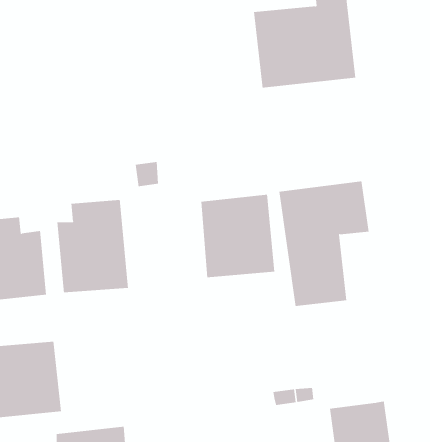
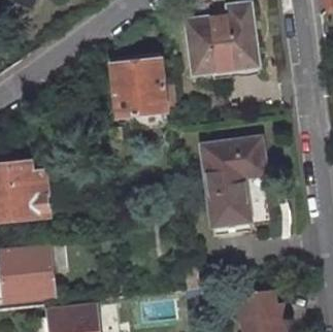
building: [200,194,275,278] -> [113,58,165,115]
building: [57,199,128,293] -> none

